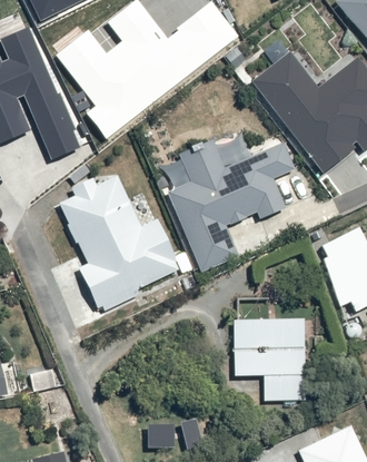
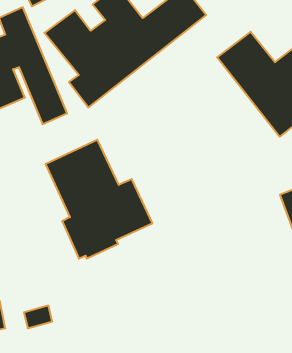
building: [166,140,292,273] -> none
building: [237,315,310,402] -> none

